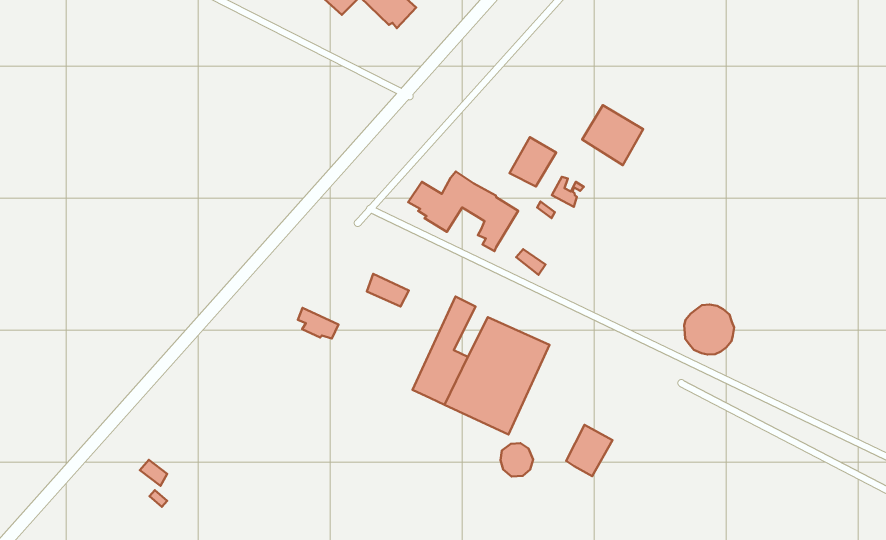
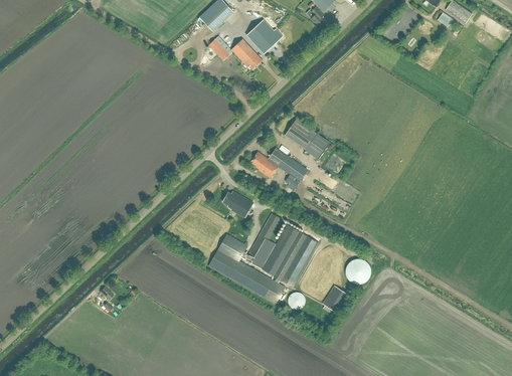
building: [582,105,643,165] -> [284,118,316,150]
building: [684,304,734,355] -> [345,257,371,284]
building: none -> [207,233,285,304]

